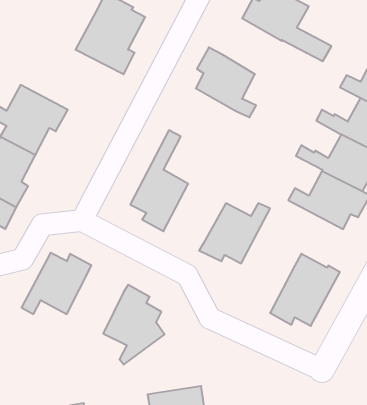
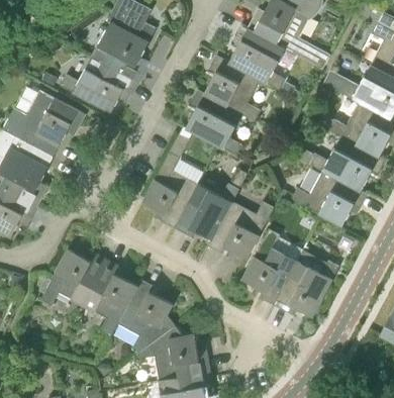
building: none -> [229,24,285,90]
building: none -> [60,57,136,111]
building: none -> [185,89,242,156]
building: none -> [174,169,248,238]
building: none -> [241,228,297,304]
building: none -> [83,260,136,336]
building: none -> [136,324,209,381]

